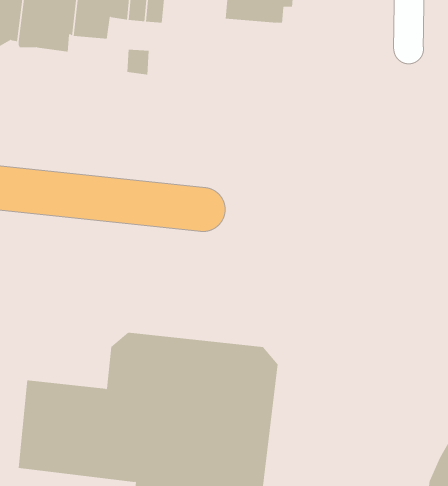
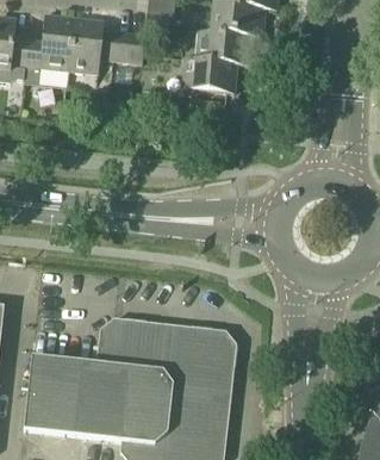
building: none -> [180,56,237,91]

